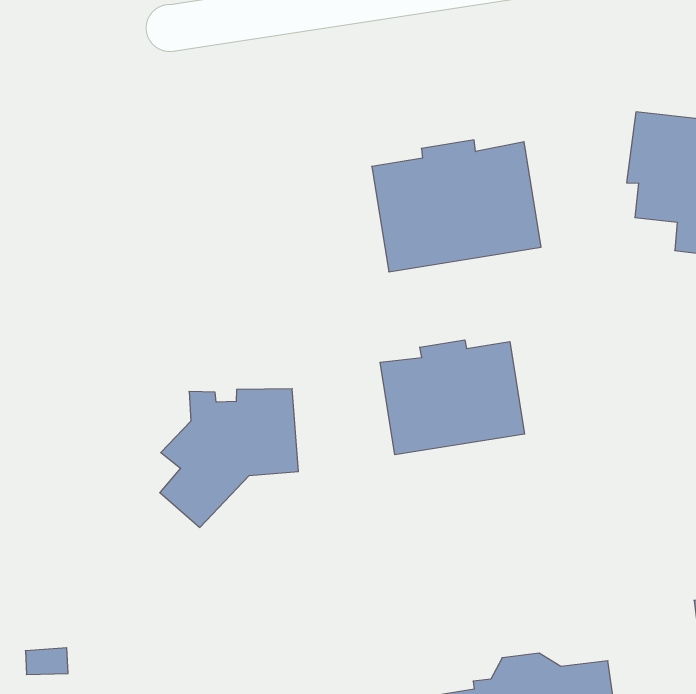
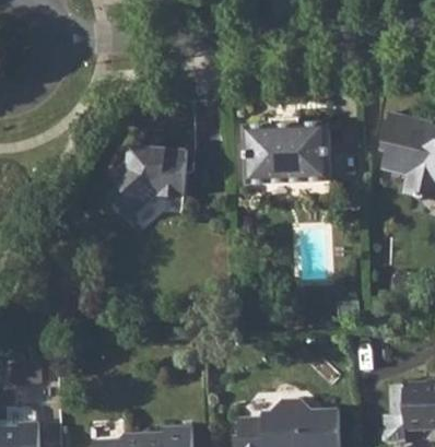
building: [380,340,525,455] -> none
building: [160,389,298,527] -> [107,145,187,221]

